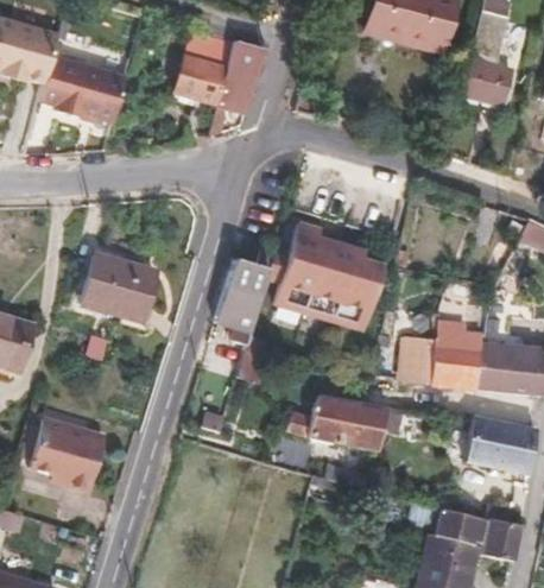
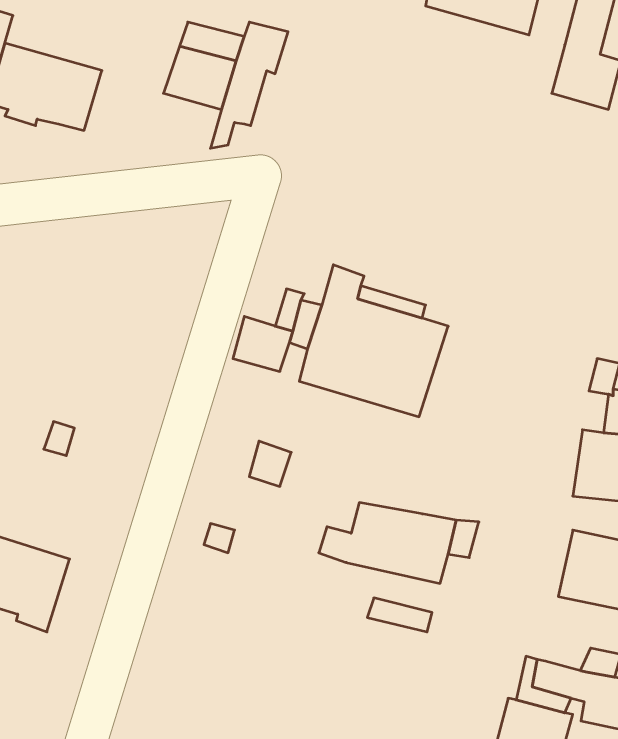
building: [80,252,157,322] -> none
building: [398,280,483,390] -> none
building: [217,289,260,346] -> none

